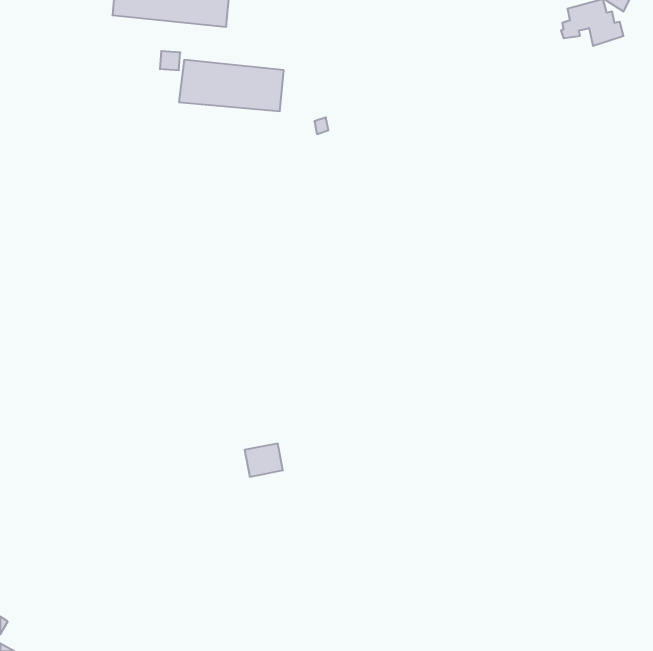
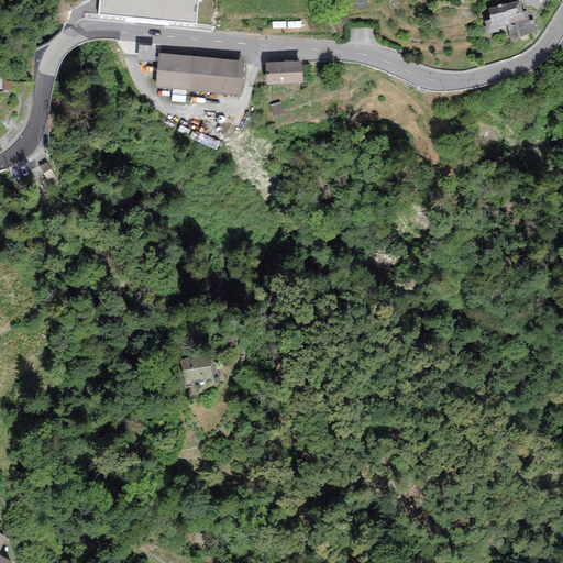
building: none -> [265,59,303,85]
building: [245,444,283,477] -> [180,353,213,382]

